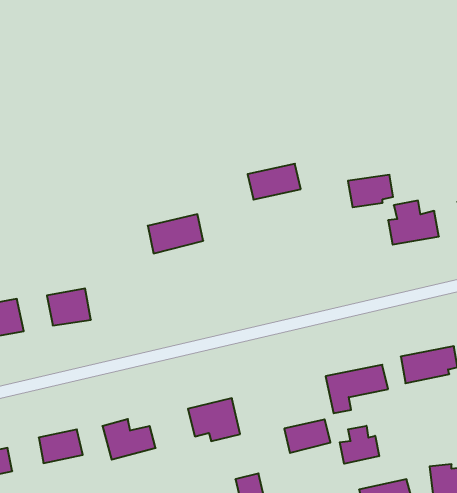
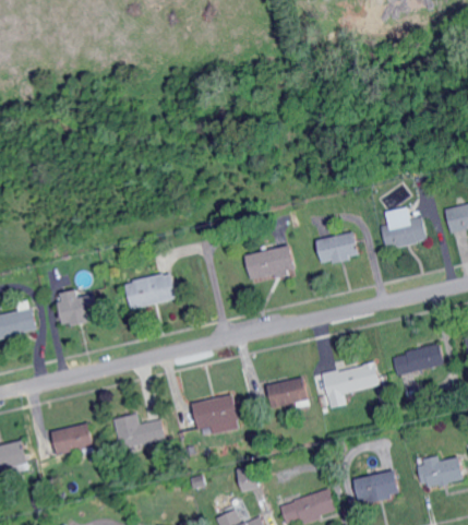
building: [248,164,301,200] -> [244,246,295,279]
building: [348,175,393,207] -> [316,234,359,264]
building: [148,214,203,253] -> [124,273,177,310]
building: [284,419,330,453] -> [261,378,304,409]
building: [340,426,379,464] -> none

